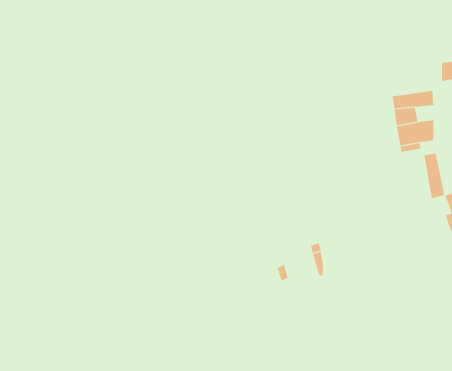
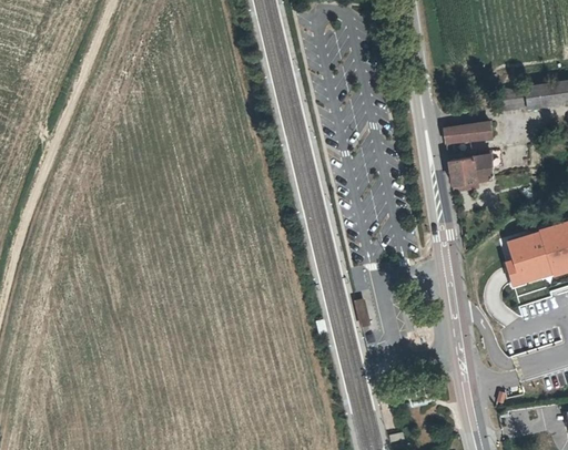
building: [424,153,445,199] -> none

